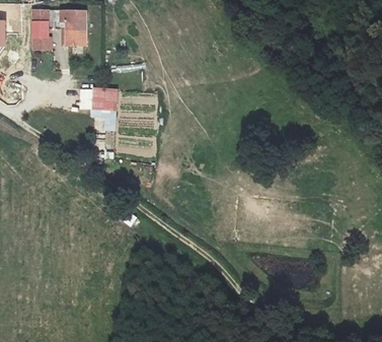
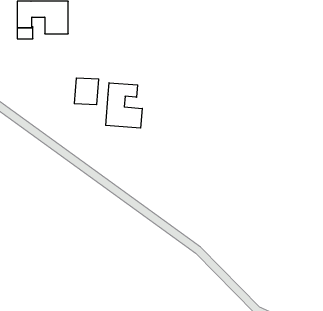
building: none -> [106,83,142,128]

